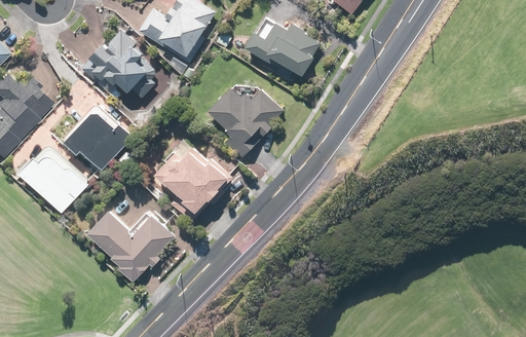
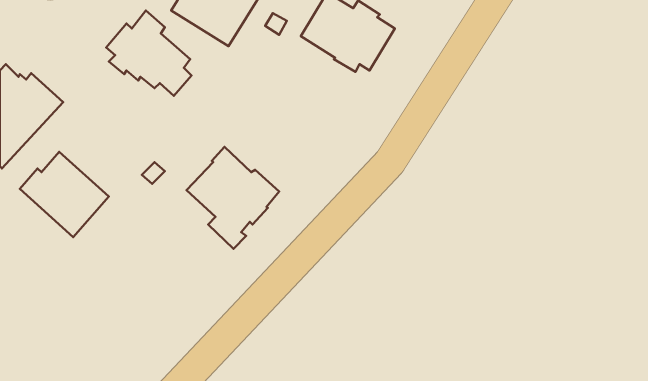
building: [206,85,284,158] -> none
building: [62,110,130,170] -> none
building: [85,209,176,283] -> none

